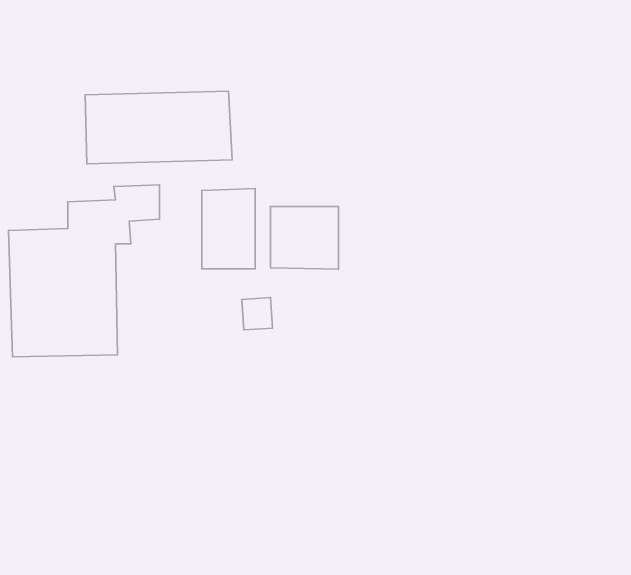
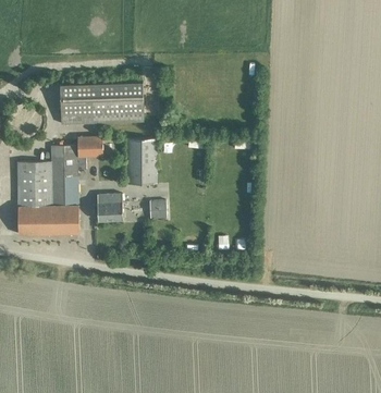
building: [271,207,338,269] -> none
building: none -> [98,195,123,221]

